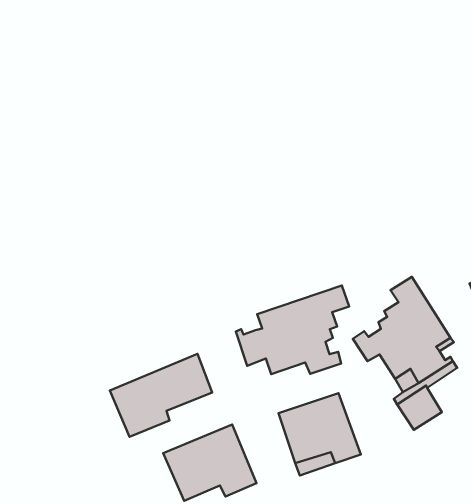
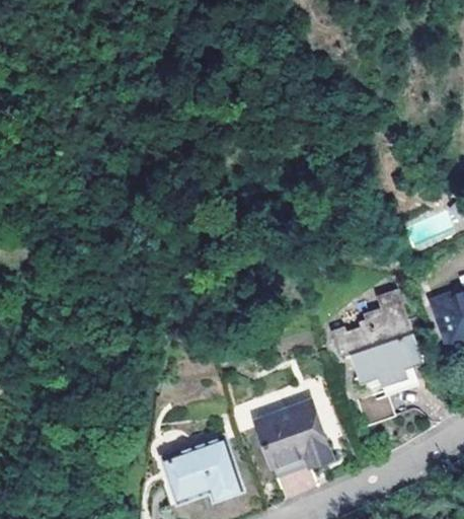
building: [236,286,349,374] -> none
building: [110,354,212,437] -> none

